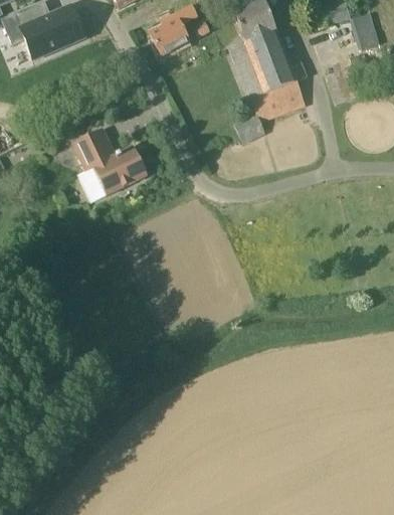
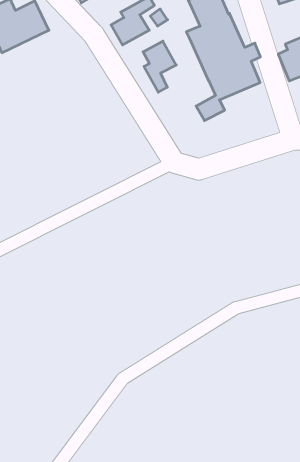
building: none -> [143,41,176,92]
building: [73,128,148,202] -> none

